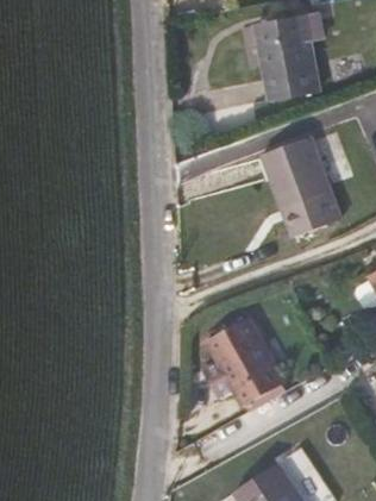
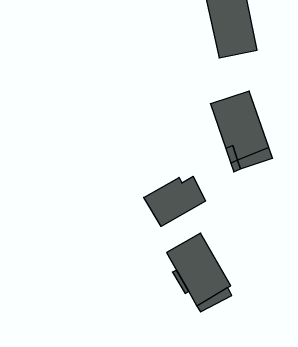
building: none -> [144,176,205,226]

